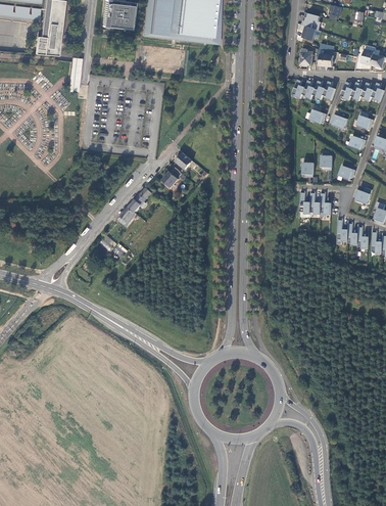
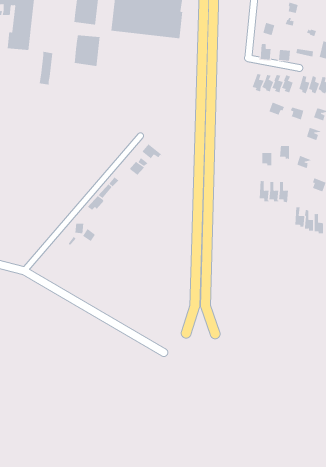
building: none -> [74,35,100,67]

